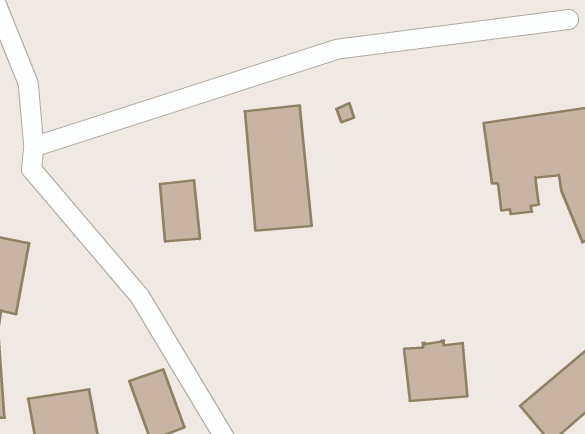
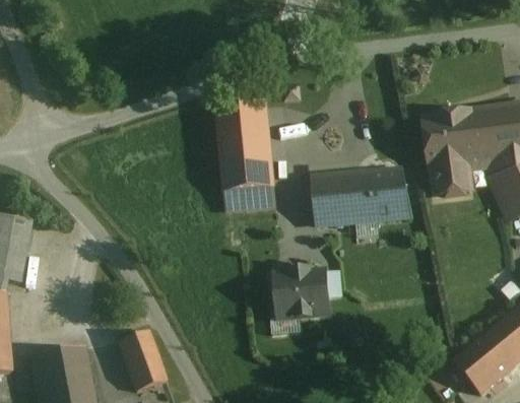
building: [160,180,200,242] -> none
building: none -> [314,169,410,225]
building: [404,341,467,401] -> [274,267,329,319]

